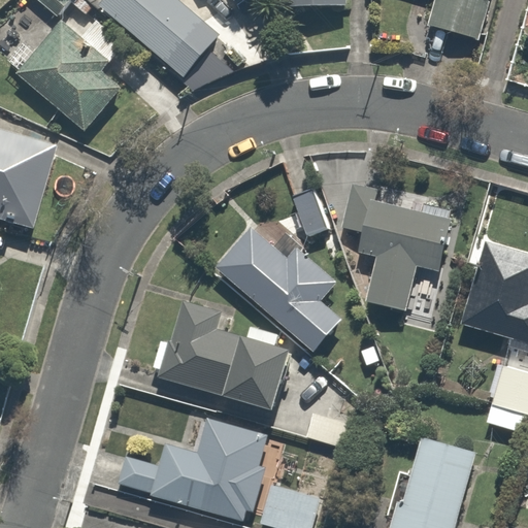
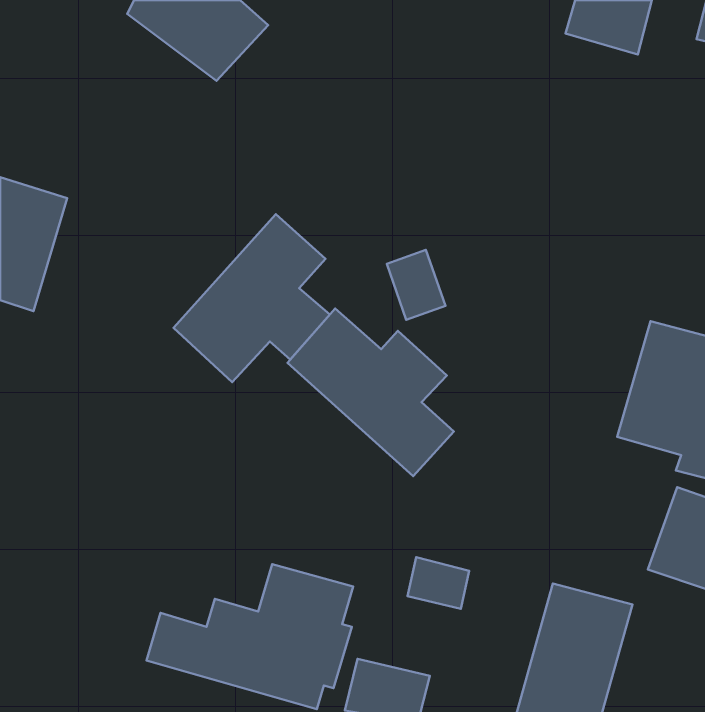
building: [16,19,127,131] -> none
building: none -> [174,214,330,382]
building: [342,183,446,308] -> none
building: [152,297,289,410] -> none

